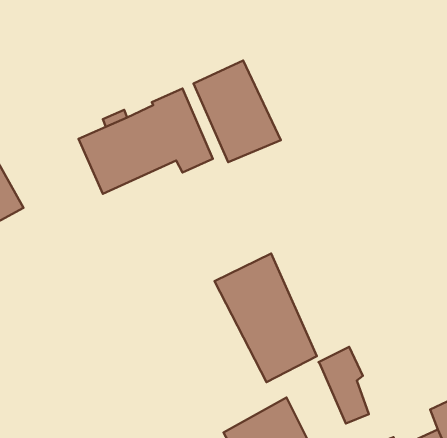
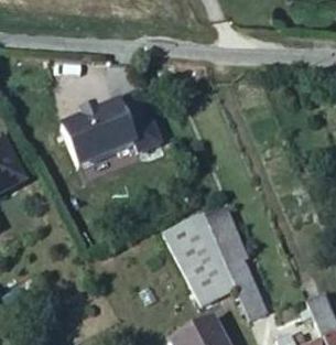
building: [193,61,281,162] -> none
building: none -> [203,202,259,290]

